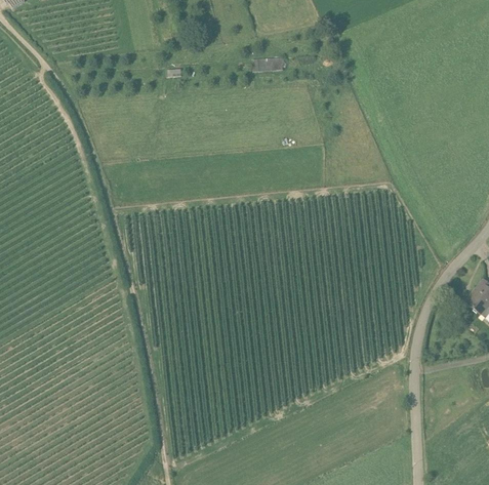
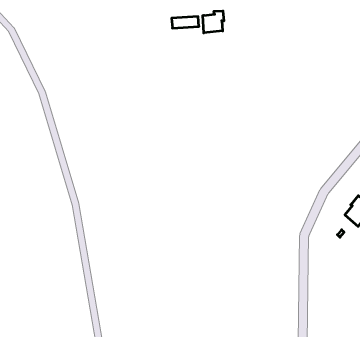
building: none -> [203,11,224,33]

